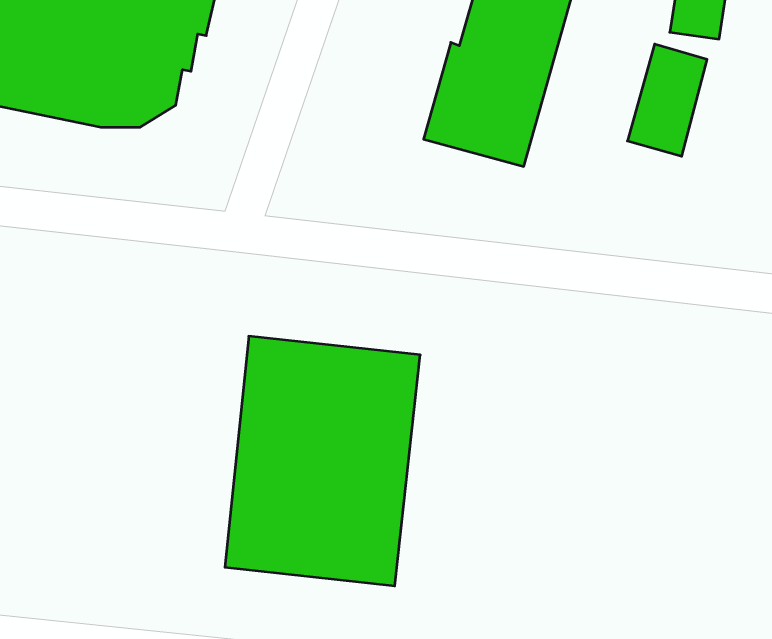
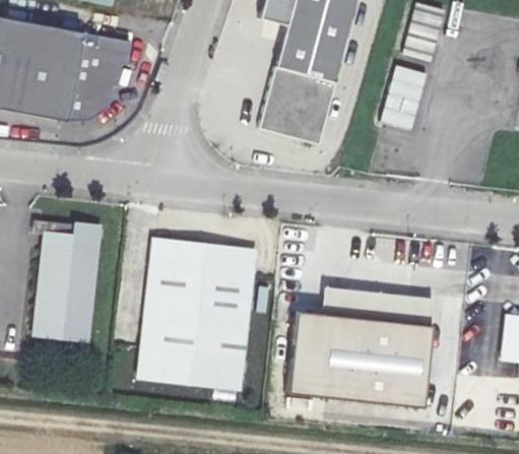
building: none -> [36,222,101,338]
building: none -> [290,290,438,409]

